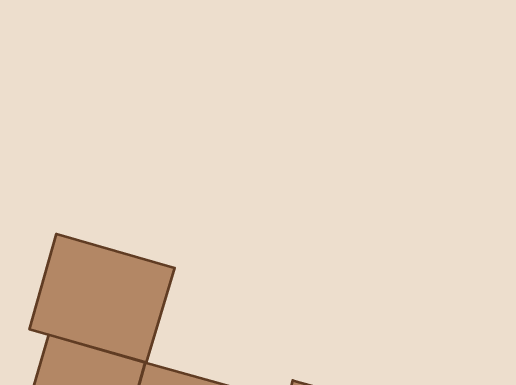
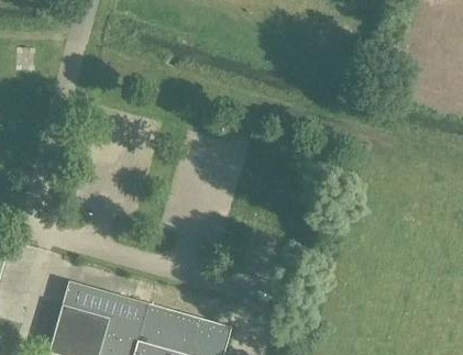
building: [30,234,175,363] -> none

